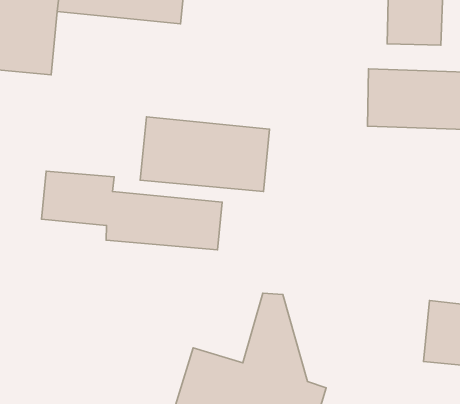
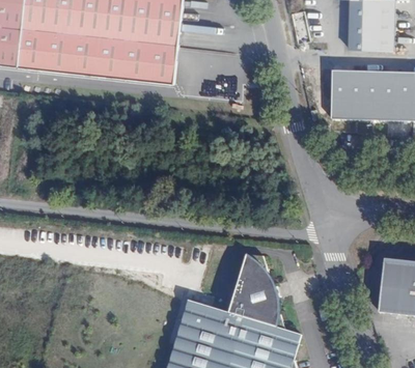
building: [140,117,270,191] -> [68,22,176,84]
building: [42,171,222,250] -> none

